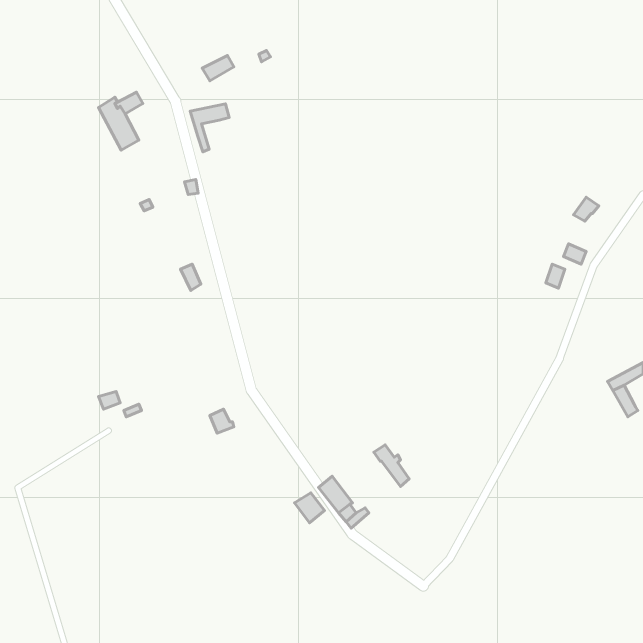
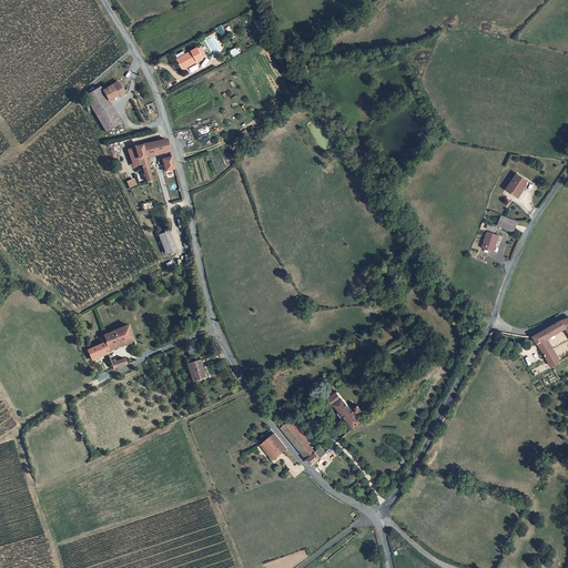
building: [190,104,229,152] -> [135,140,170,182]
building: none -> [101,324,131,351]

